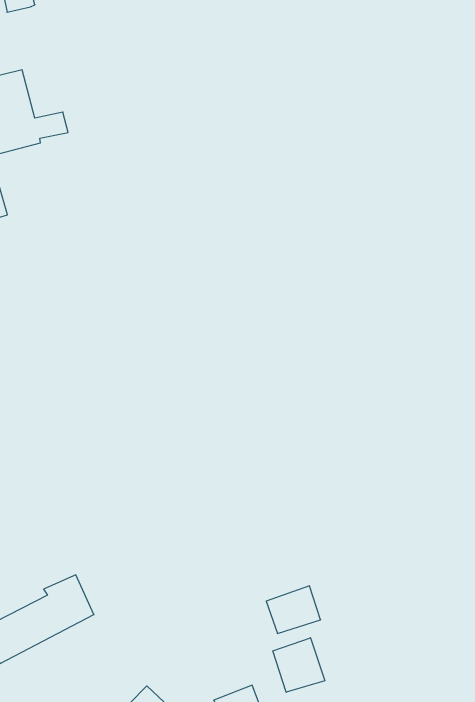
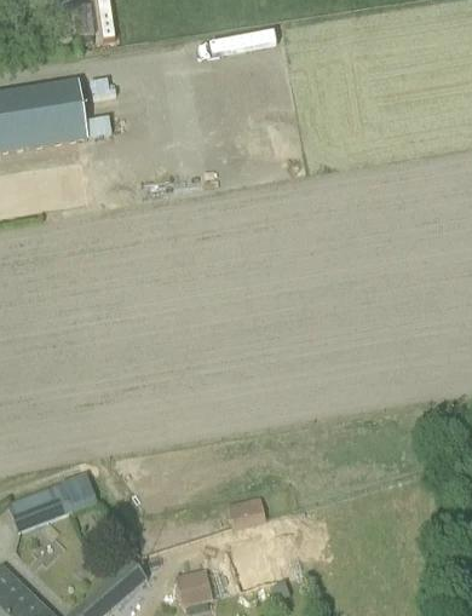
building: [273,638,325,692] -> none

